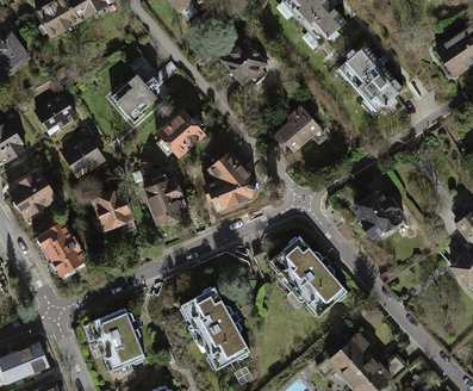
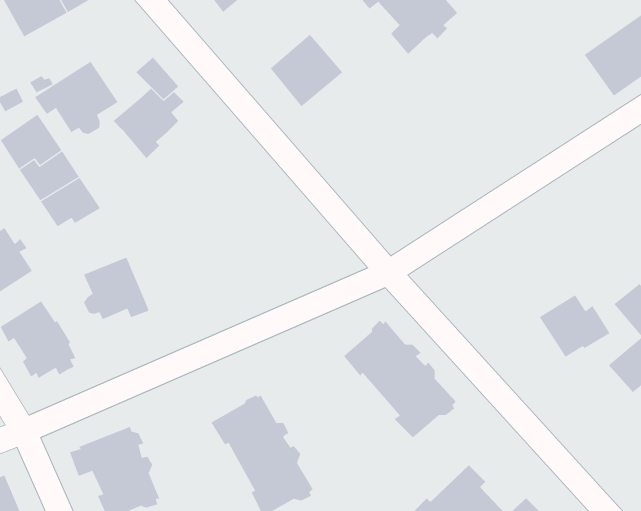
building: [334,48,404,117] -> none
building: none -> [34,61,118,135]
building: [272,105,322,154] -> none
building: [157,111,207,160] -> none
building: [206,151,259,212] -> none
building: [143,175,189,229] -> none
building: [354,191,403,234] -> [539,295,610,357]

